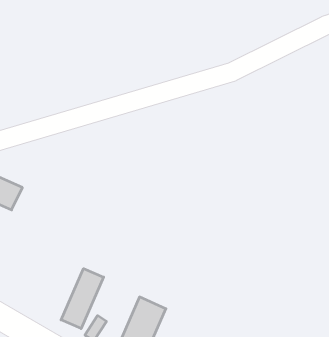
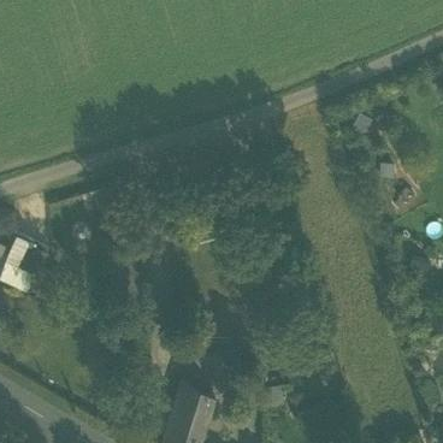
building: [61,269,104,329] -> none

